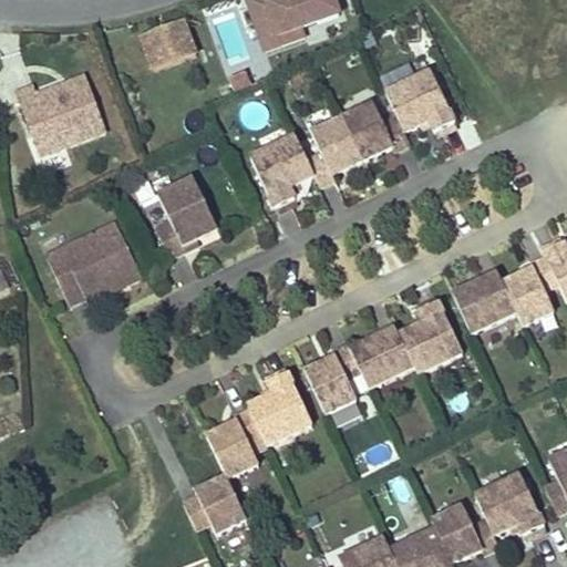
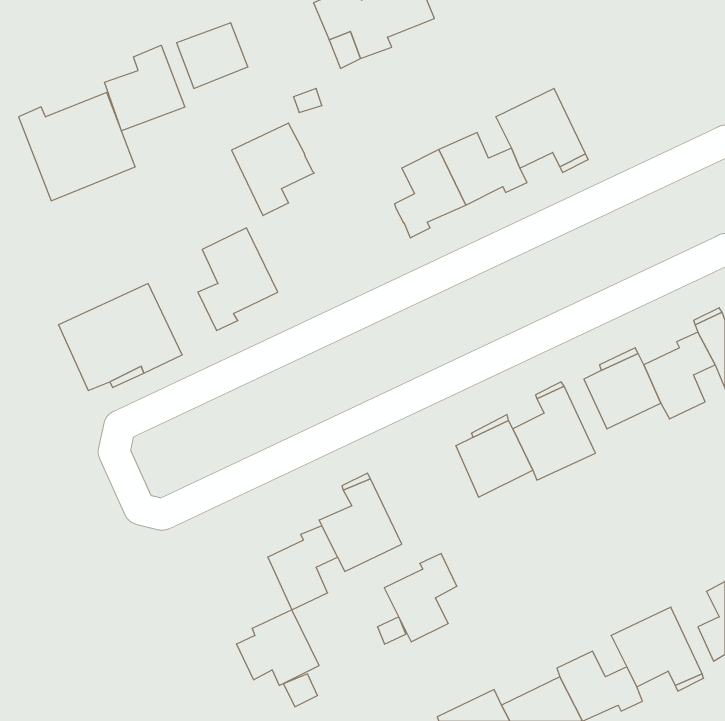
building: none -> [105,45,185,131]
building: [250,135,315,207] -> [232,123,314,216]
building: [305,343,361,412] -> [384,554,457,642]

